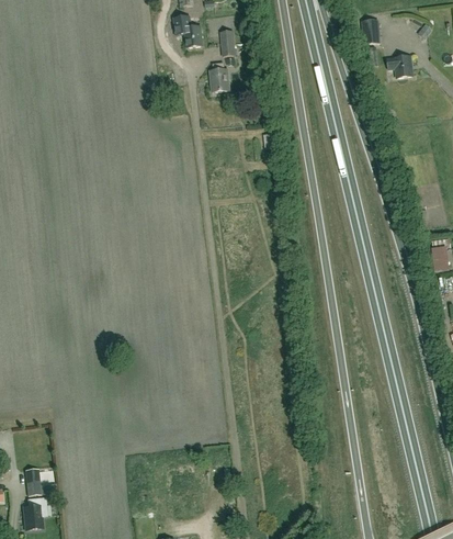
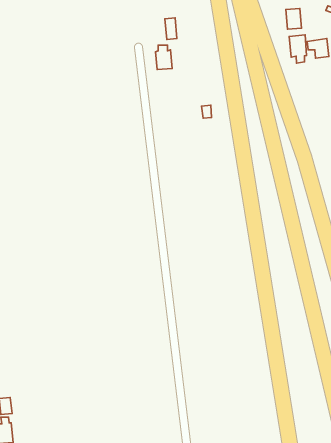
building: [183,14,203,47] -> none
building: none -> [289,35,306,63]

